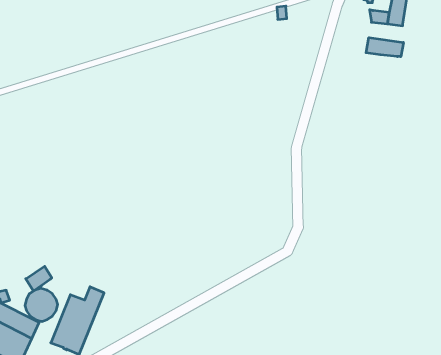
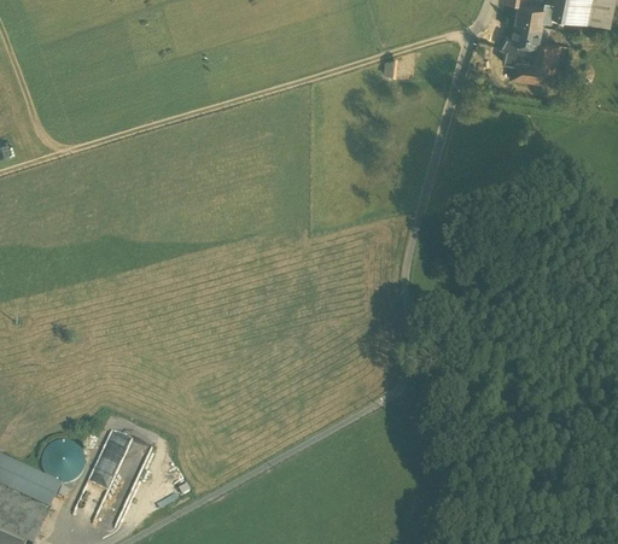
building: [366,38,403,57] -> none
building: [26,266,52,291] -> none

